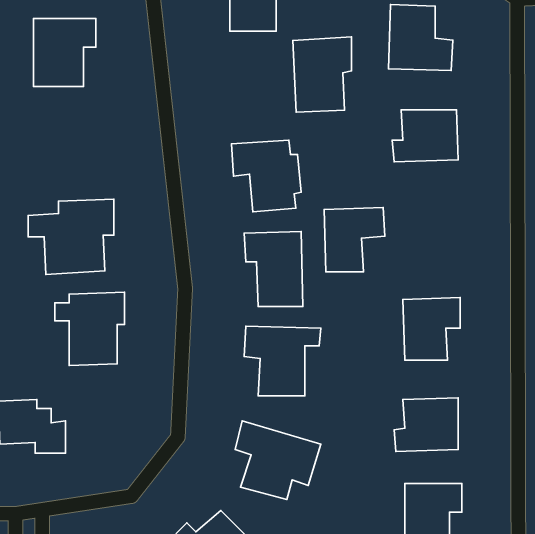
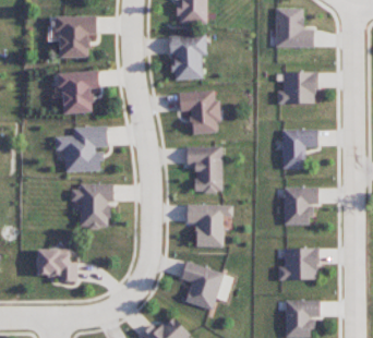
building: [293,37,352,112] -> [169,34,205,80]
building: none -> [59,71,98,113]
building: [324,208,385,272] -> [280,129,317,168]

